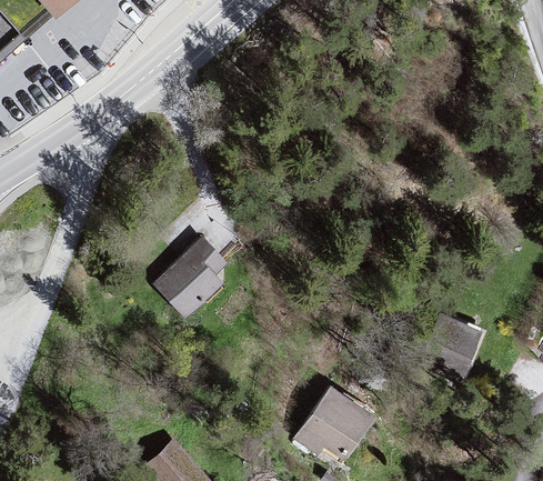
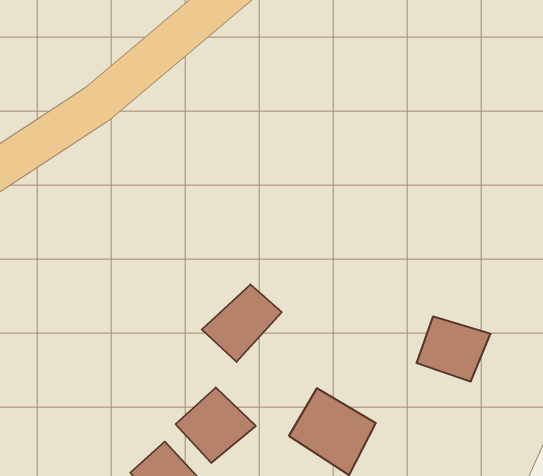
building: [152,242,229,317] -> [202,284,282,362]
building: none -> [176,387,256,463]

